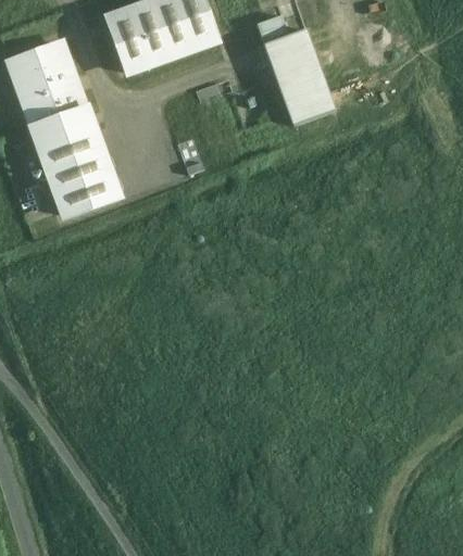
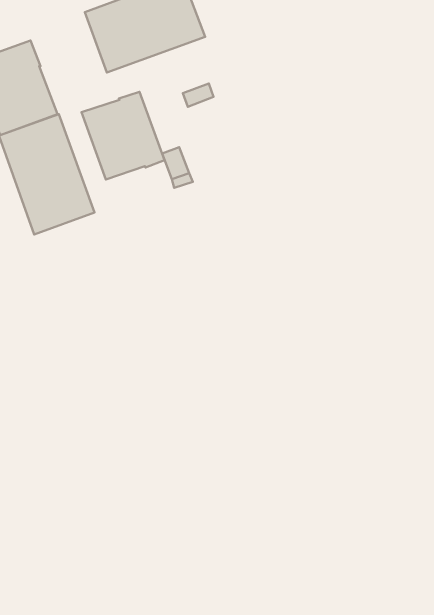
building: [256,16,336,127] -> none
building: none -> [82,92,165,180]

